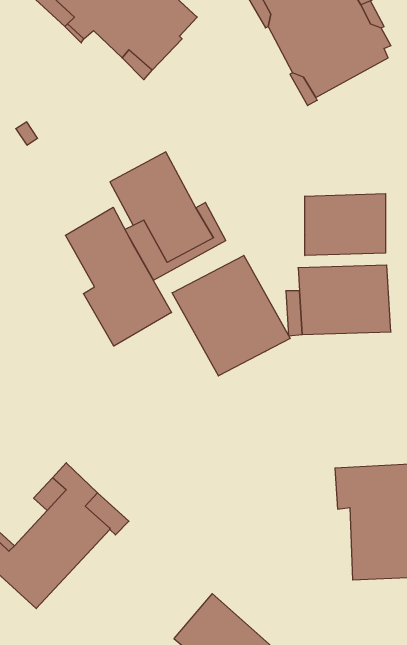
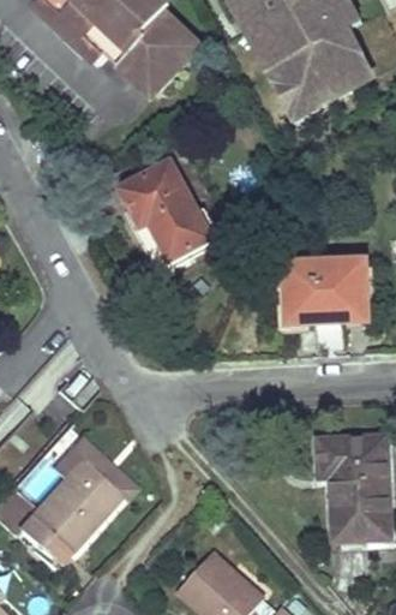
building: [305,194,385,256] -> none
building: [65,207,172,346] -> none
building: [172,255,290,376] -> none

